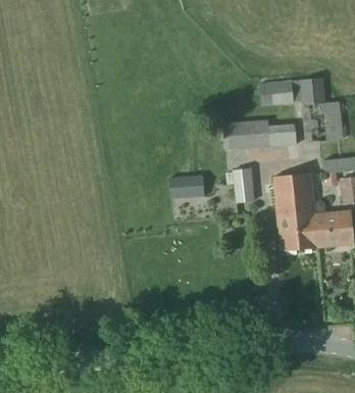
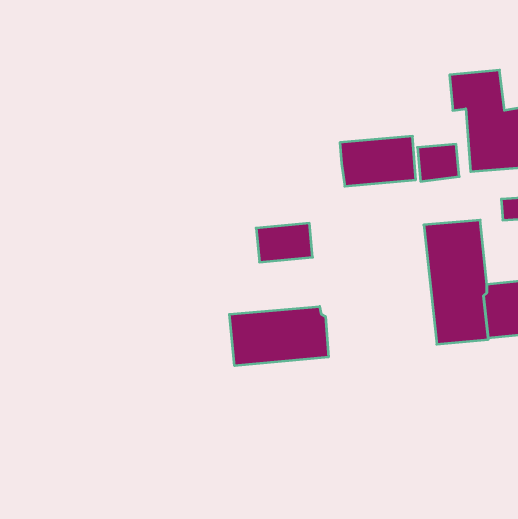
building: [259,81,294,106] -> none
building: [233,167,254,203] -> none
building: none -> [229,306,328,366]

